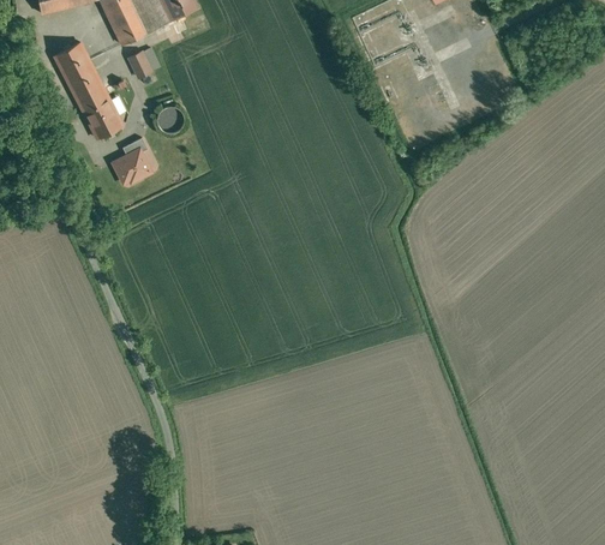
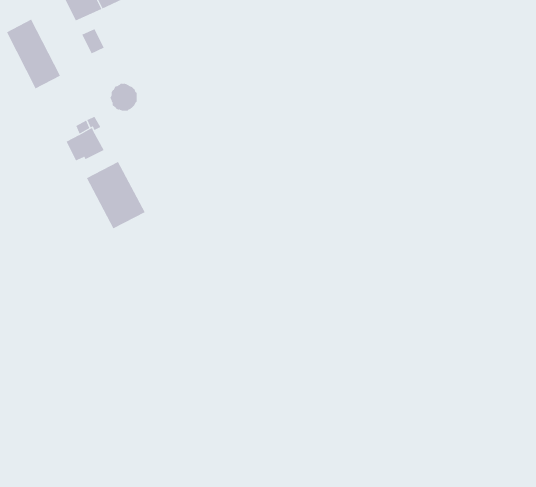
building: [83,98,122,138] -> none
building: none -> [86,161,145,229]

